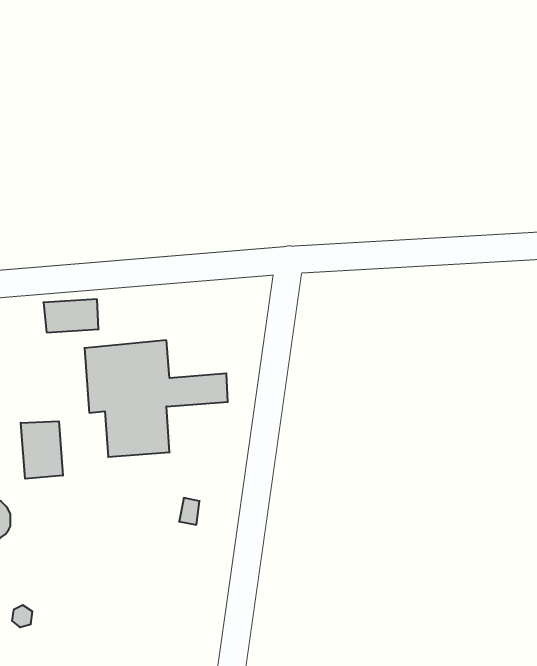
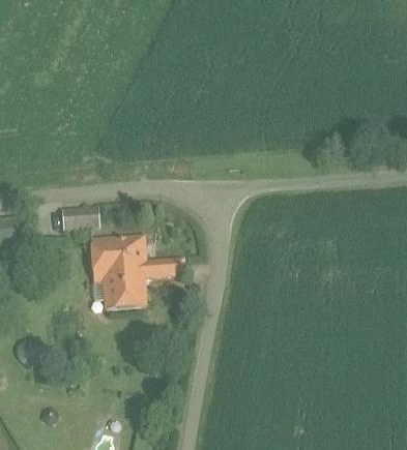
building: [21,421,63,479] -> none

